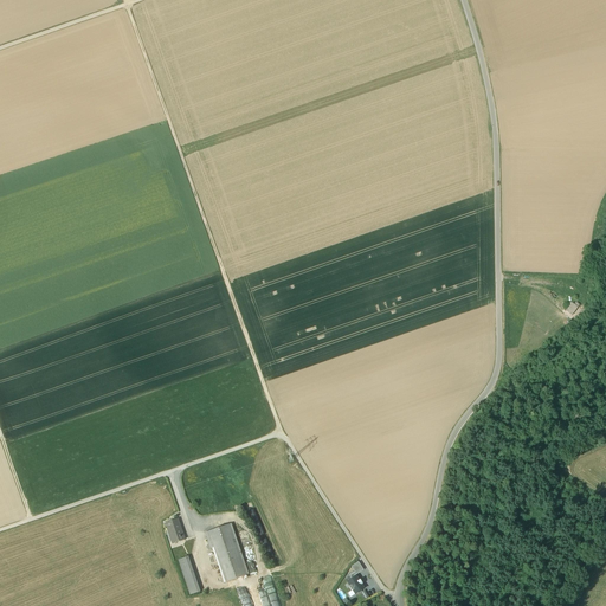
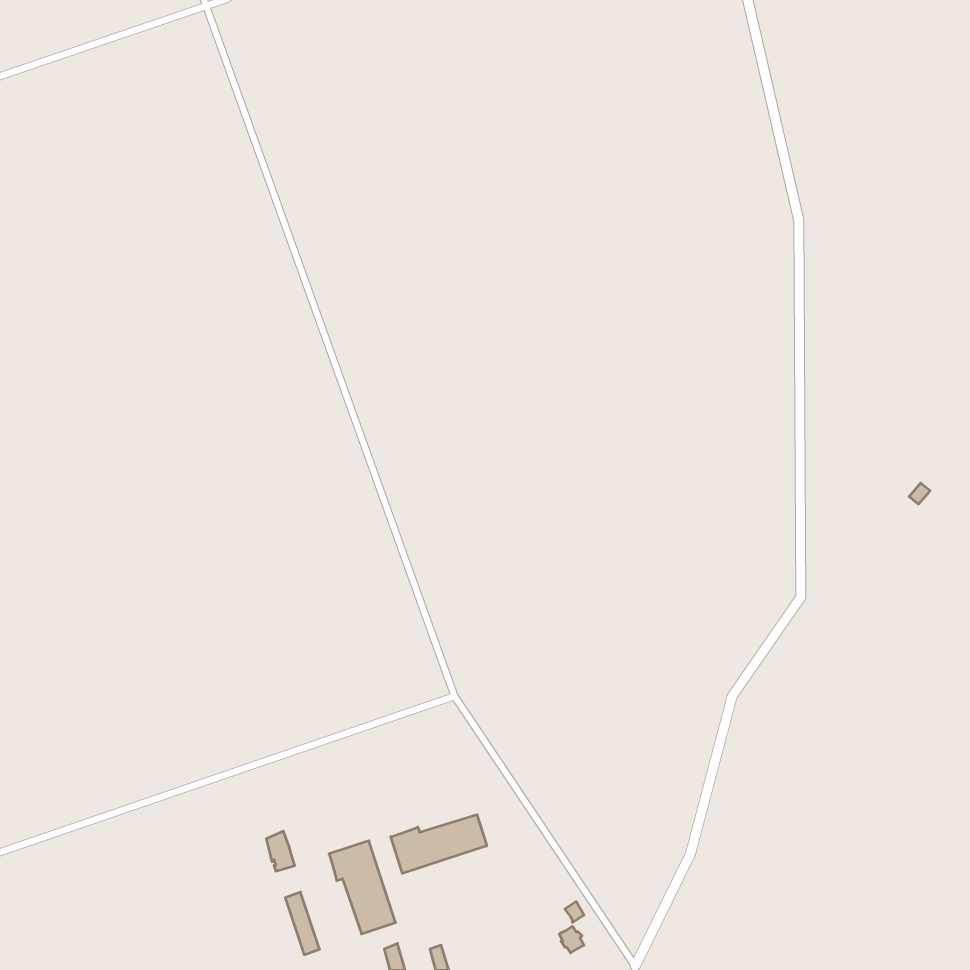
building: none -> [391,815,487,873]

